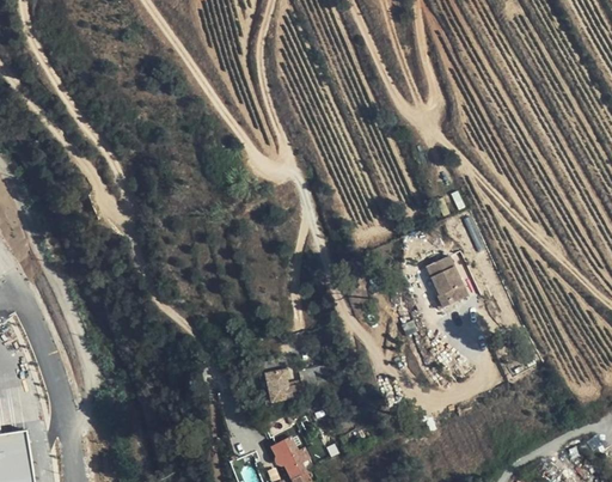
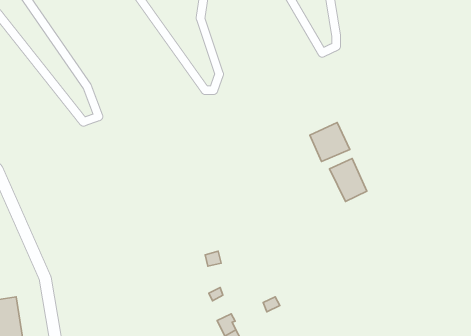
building: none -> [310,122,350,161]

